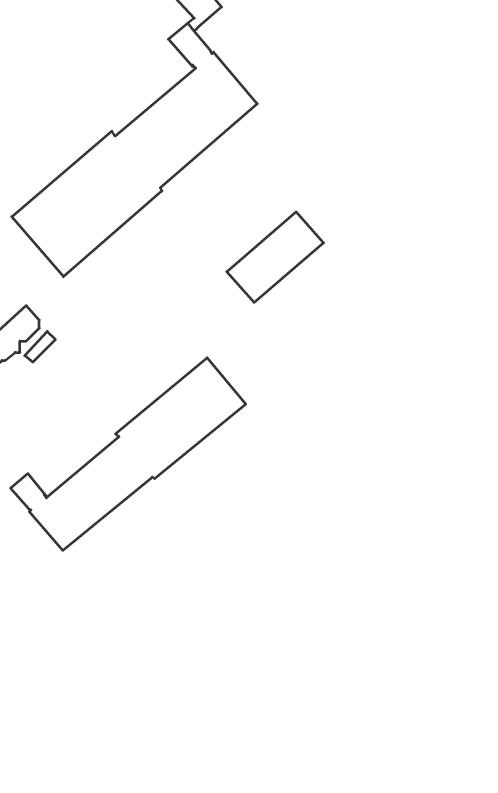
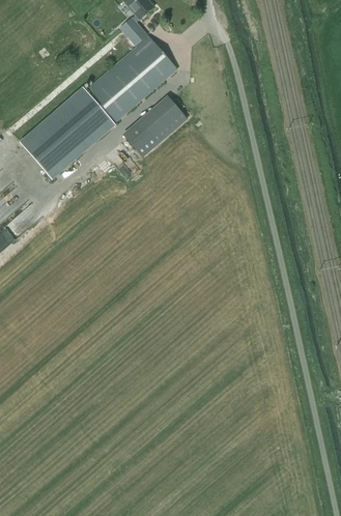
building: [227,212,324,302] -> [124,98,187,156]
building: [11,358,246,550] -> none

